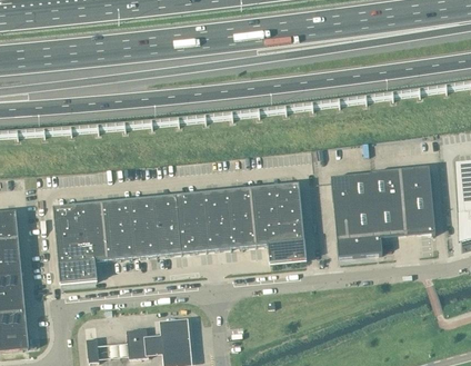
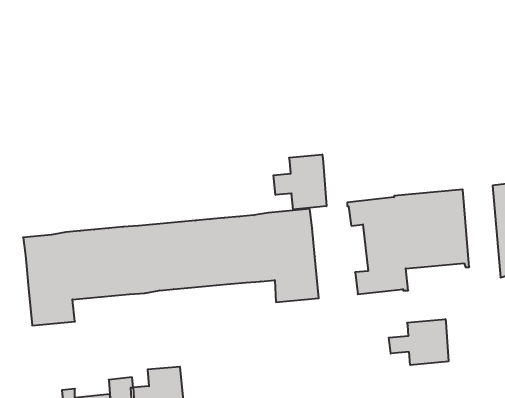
building: none -> [273,154,326,209]
building: none -> [389,319,448,365]

